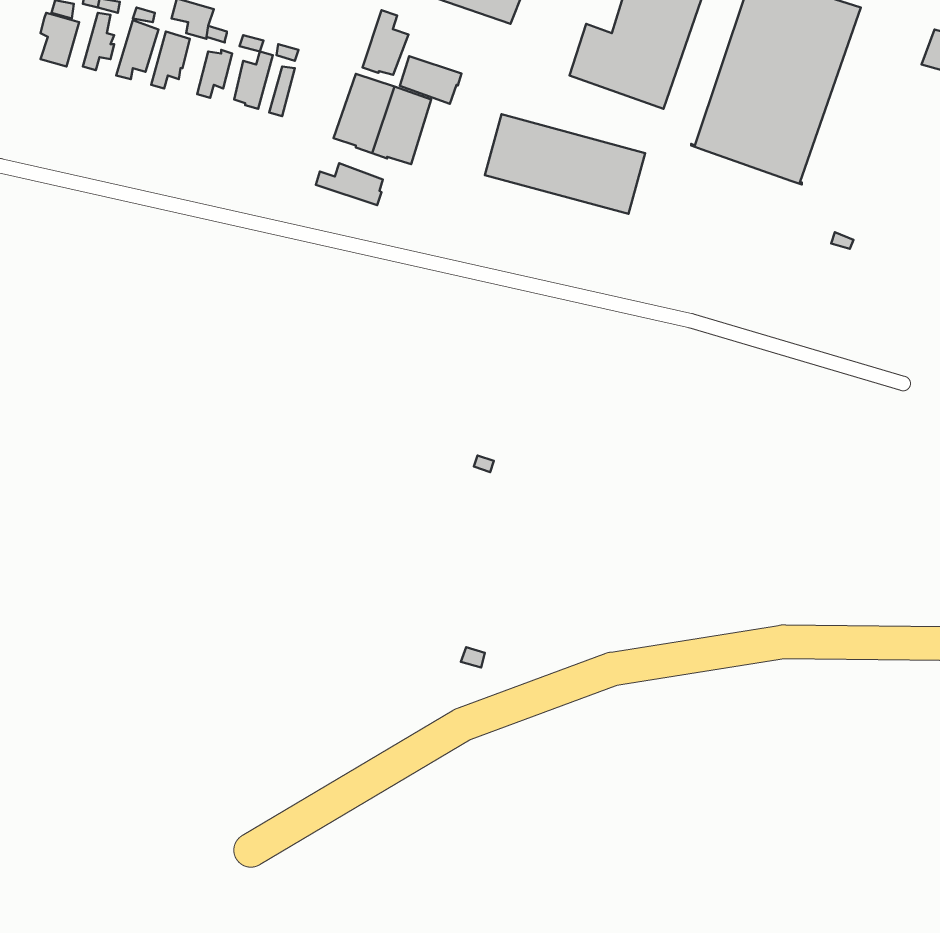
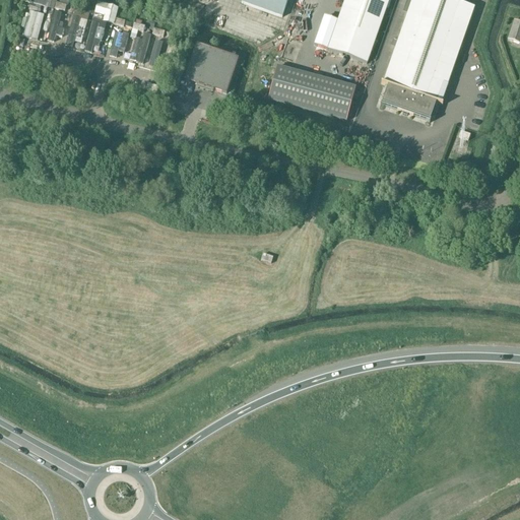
building: [362,10,408,75] -> none
building: [400,56,461,104] -> none
building: none -> [381,82,437,119]
building: [316,163,383,205] -> none

